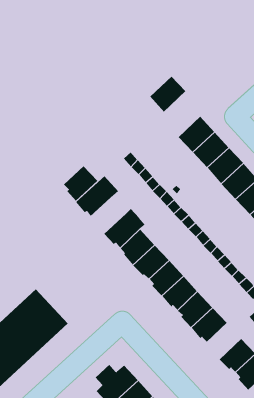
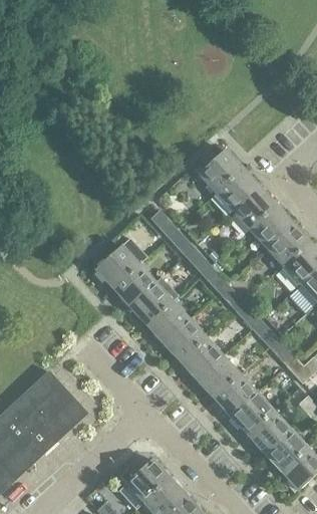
building: [149,76,186,113] -> [199,150,242,193]
building: [63,166,98,202] -> [113,264,154,306]
building: none -> [250,411,290,454]

